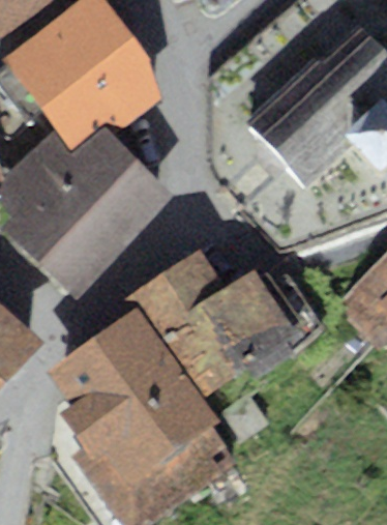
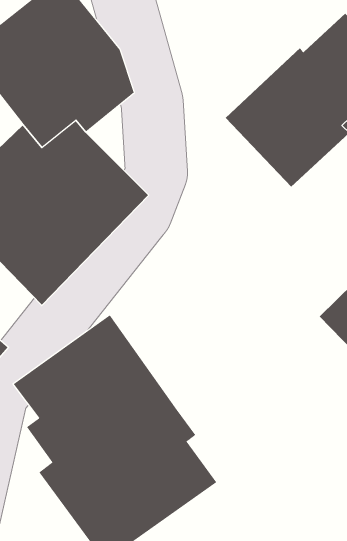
building: [129,245,302,395] -> none

